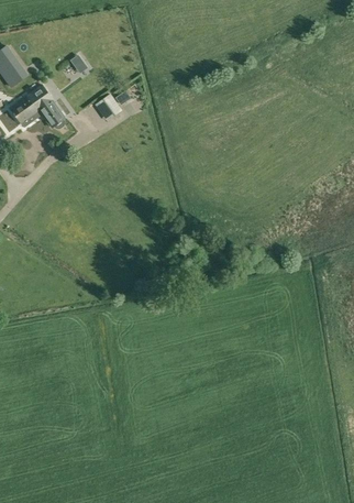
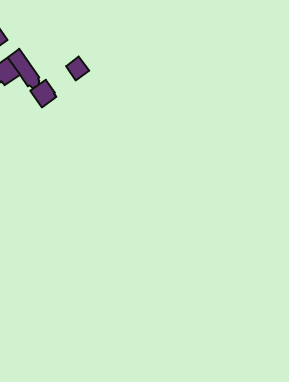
building: none -> [30,80,56,107]

